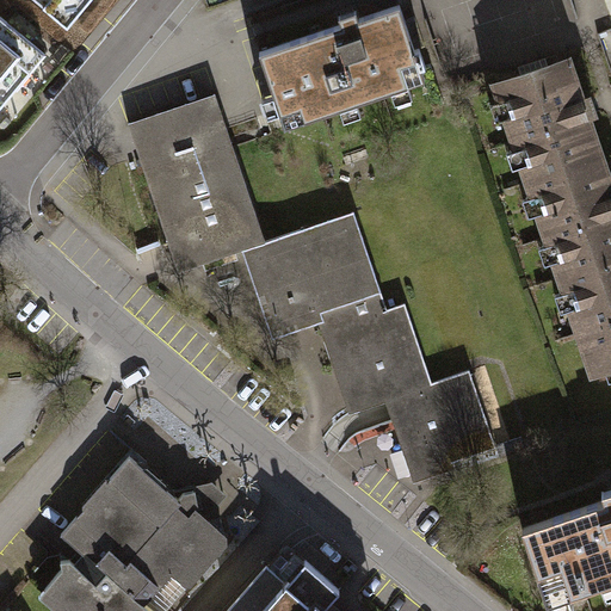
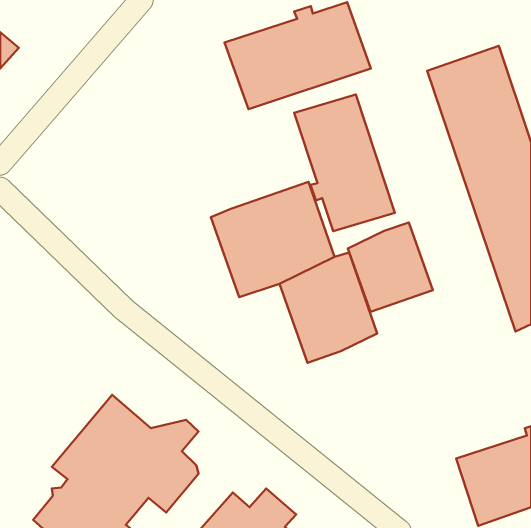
building: [126,95,265,274] -> none
building: none -> [294,94,395,231]
building: [391,377,489,480] -> [348,222,433,312]

